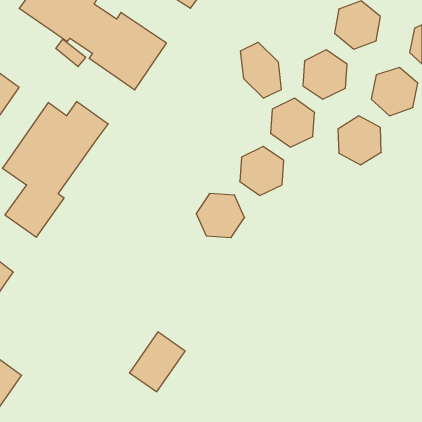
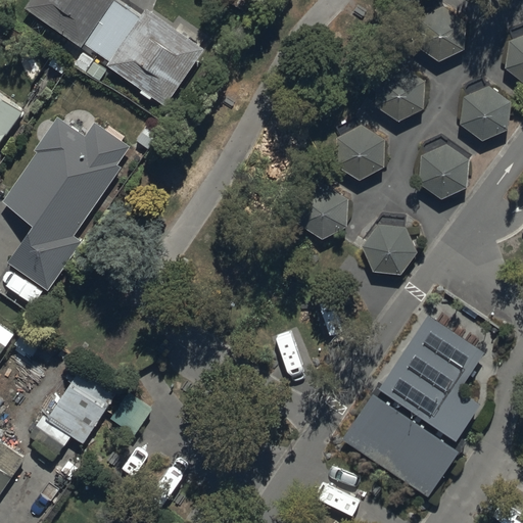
building: [241,42,281,98] -> none
building: [196,193,245,238] -> [354,209,414,264]
building: none -> [342,315,482,494]
building: [129,332,185,392] -> [49,369,117,442]

